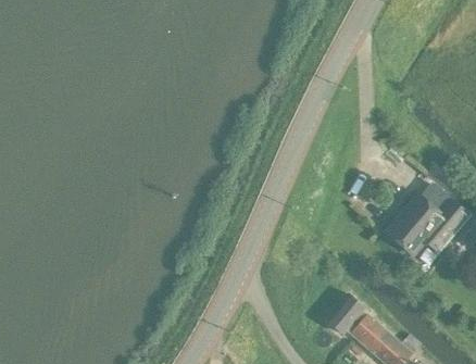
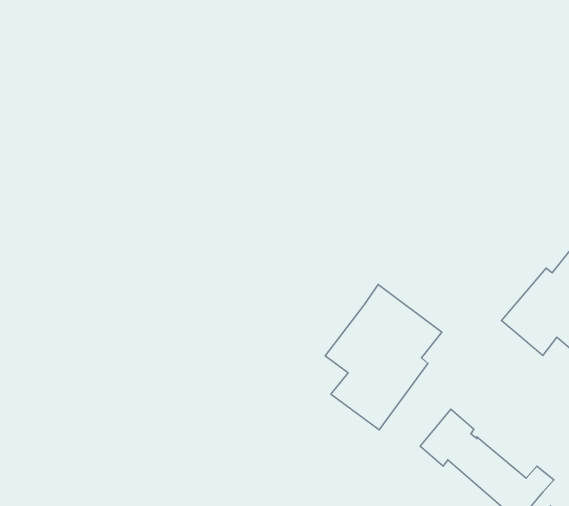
building: none -> [325,284,442,430]

